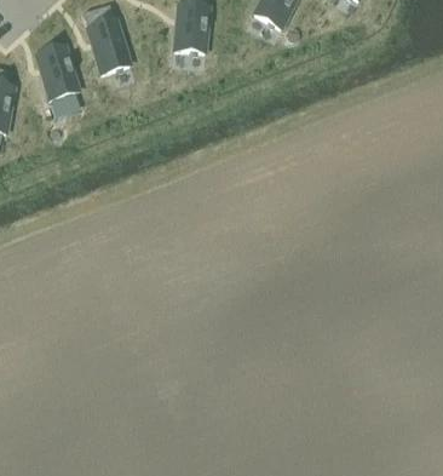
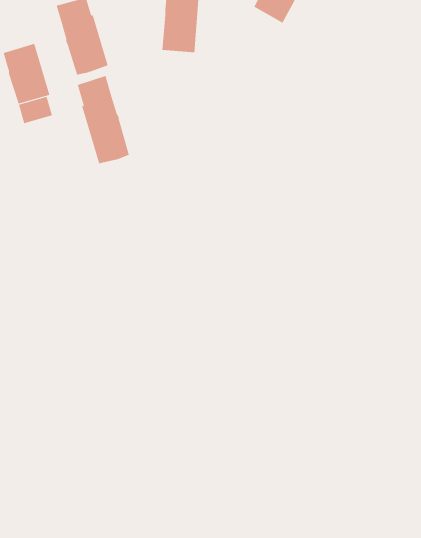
building: none -> [77,75,129,164]

